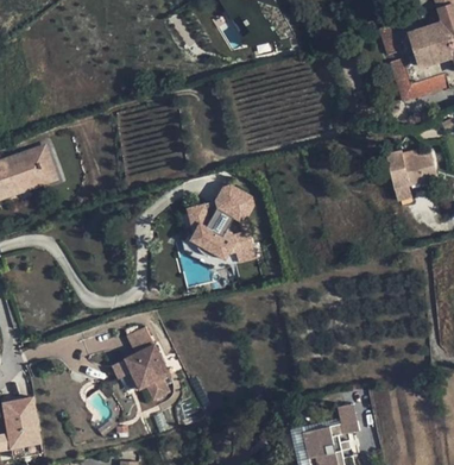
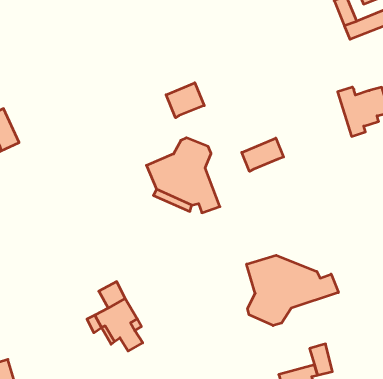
building: none -> [166,83,204,118]
building: none -> [242,138,284,171]
building: none -> [247,255,338,326]

